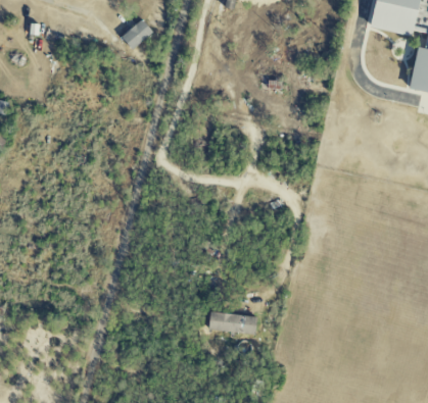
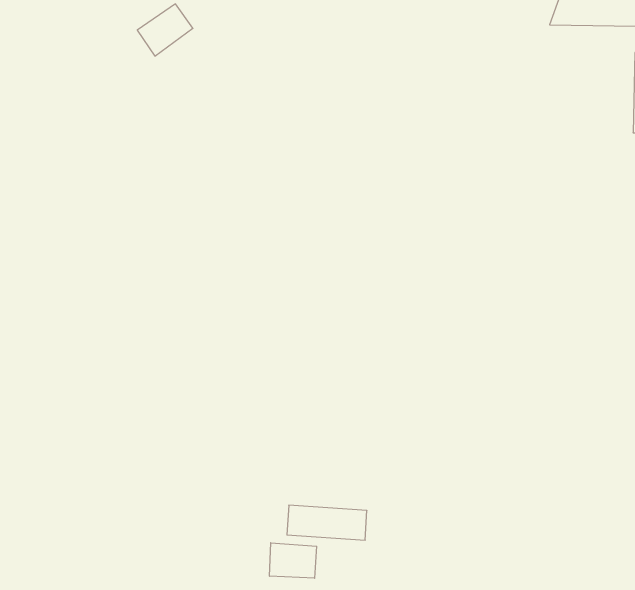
building: none -> [270,543,317,578]

